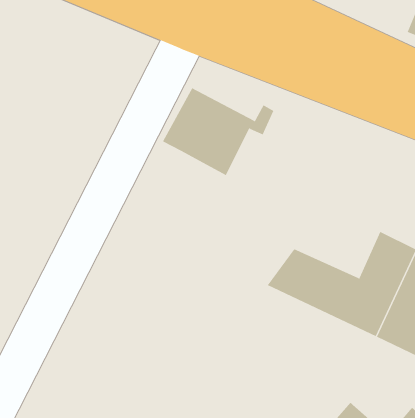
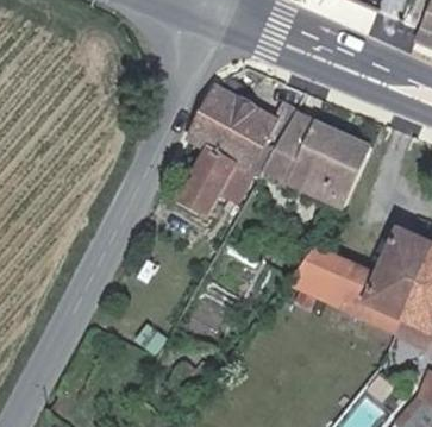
building: none -> [262,112,367,205]
building: none -> [176,151,228,213]

